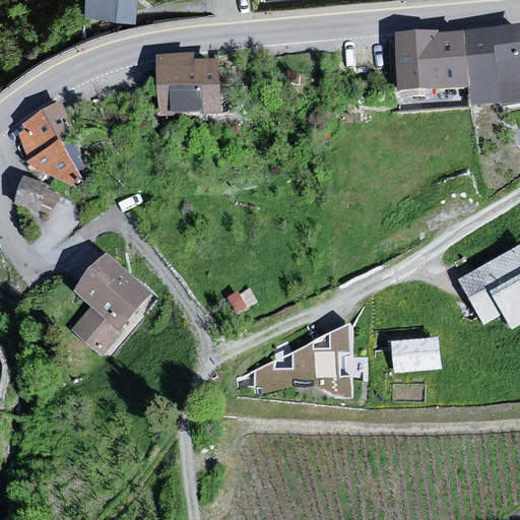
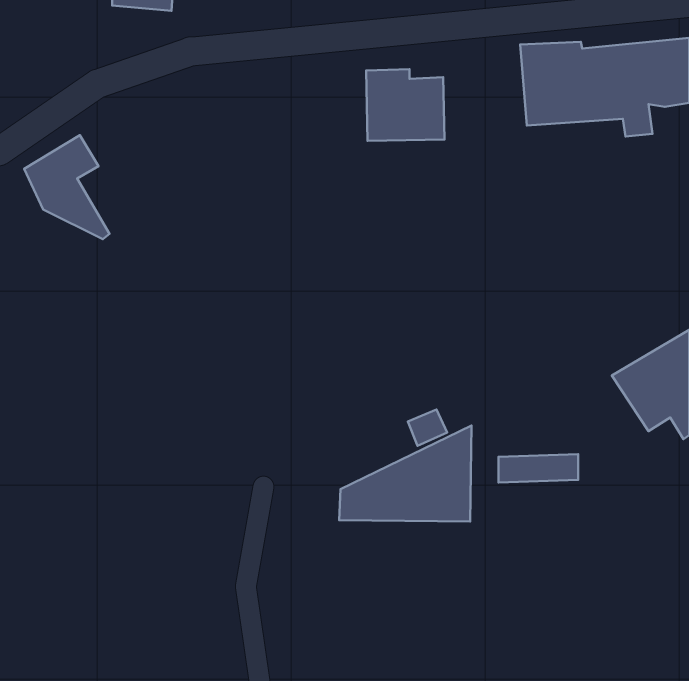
building: [159,52,218,106] -> [366,69,444,141]
building: [17,173,58,206] -> none
building: [72,257,151,353] -> none

